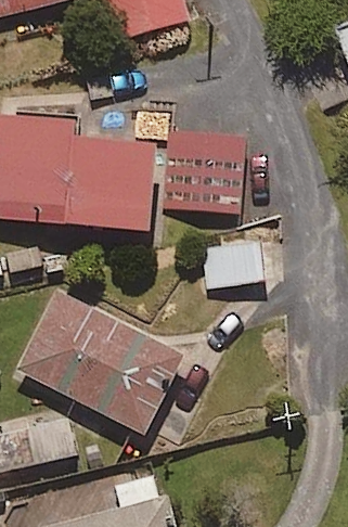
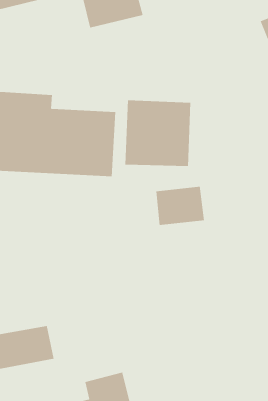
building: [14,290,183,438] -> none

